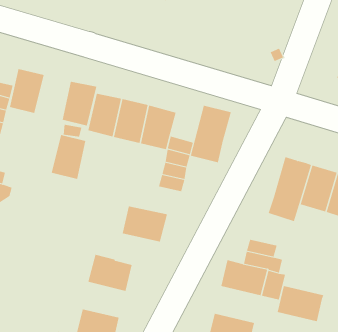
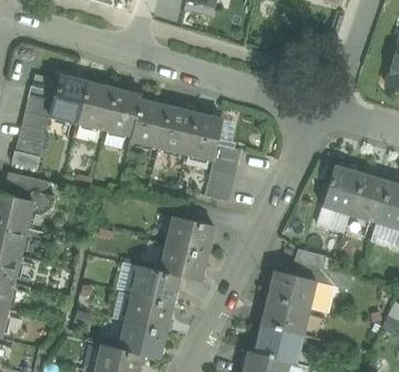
building: [190,105,231,163] -> none
building: [51,134,86,179] -> [77,81,114,128]
building: none -> [160,244,206,282]
building: none -> [126,294,171,330]
building: [277,285,324,322] -> [261,298,310,336]

